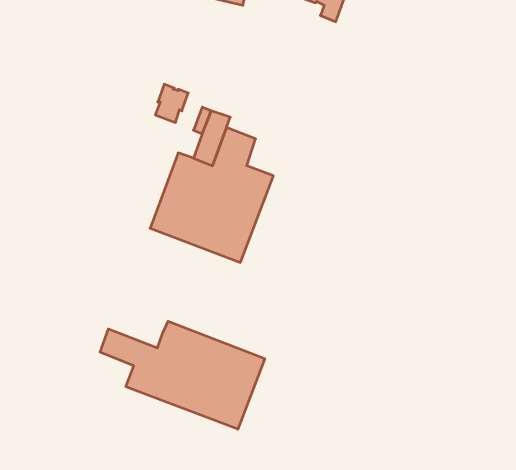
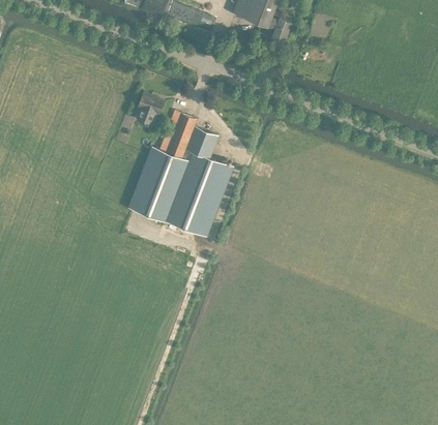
building: [100,321,265,429] -> none

